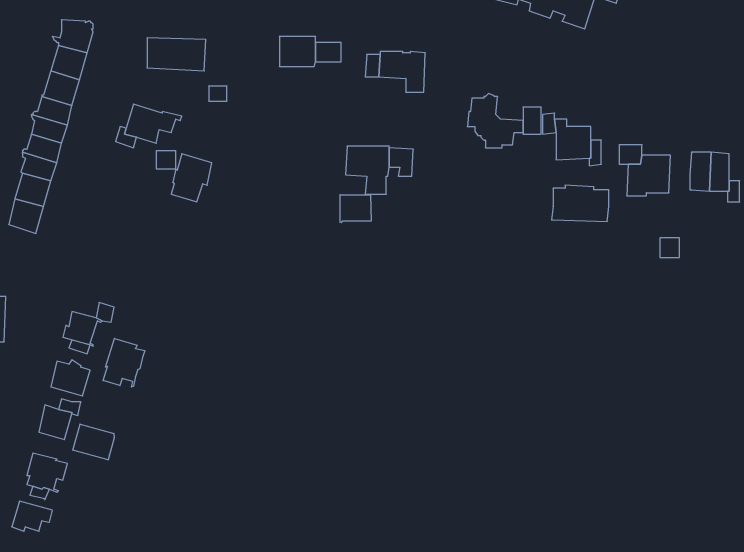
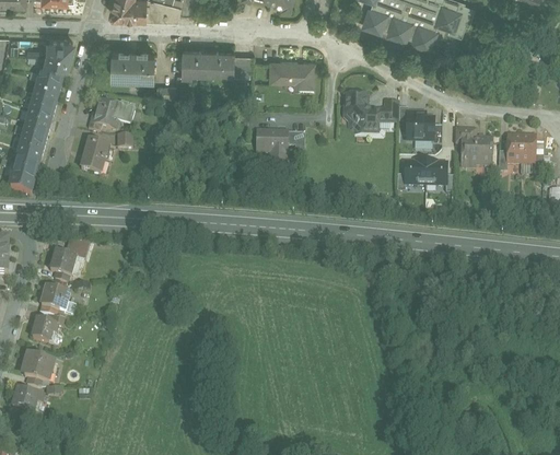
building: none -> [179,49,207,74]
building: [171,154,212,202] -> [81,139,110,174]
building: [340,195,371,223] -> none
building: [103,338,145,387] -> none
building: [73,424,114,460] -> none

